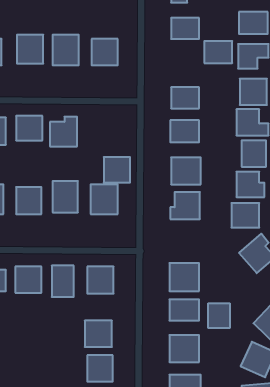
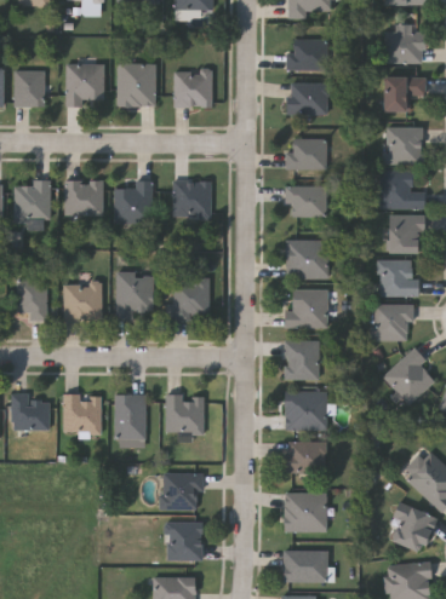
building: [204,41,232,63] -> [286,82,326,114]
building: [104,157,130,183] -> [172,180,210,217]
building: none -> [284,339,319,379]
building: [208,303,230,328] -> none

